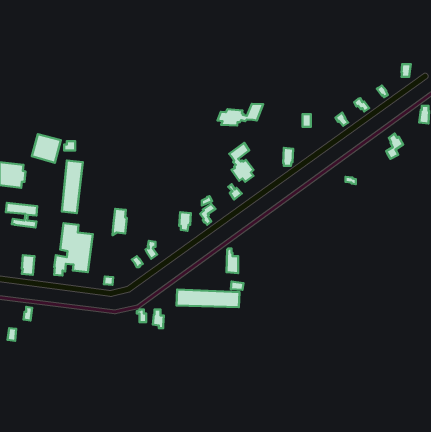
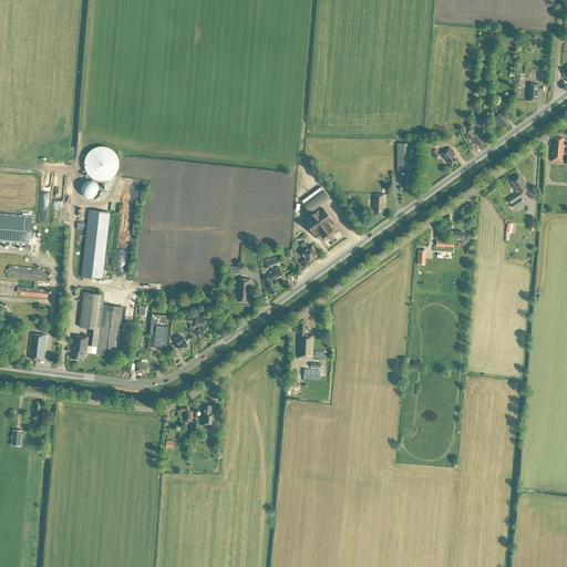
building: [218,104,263,126] -> none
building: [32,134,61,163] -> [84,144,122,182]
building: [112,209,127,235] -> [147,315,166,349]
building: [177,290,239,307] -> none

